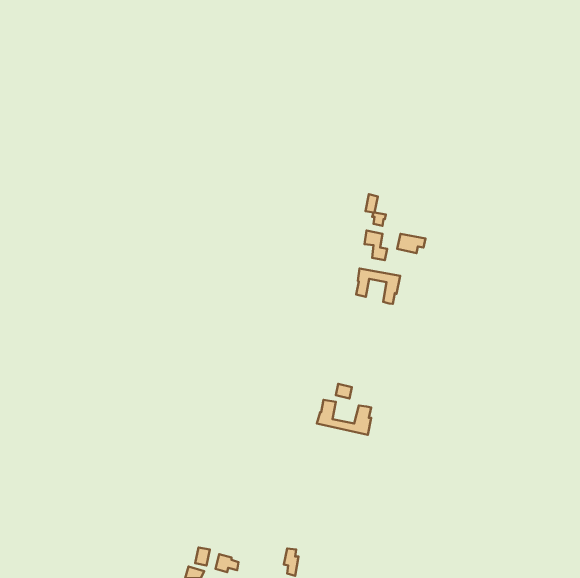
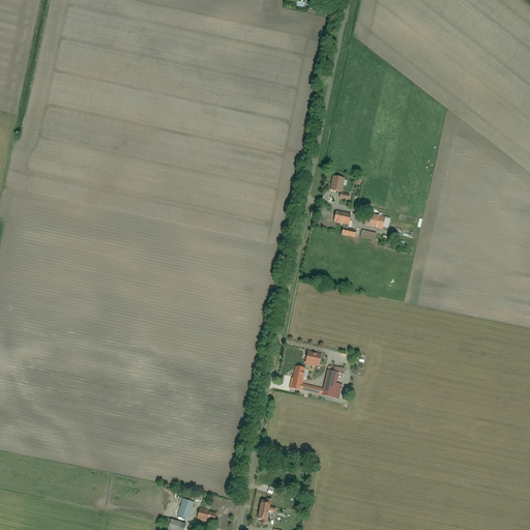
building: [356,269,400,304] -> none

